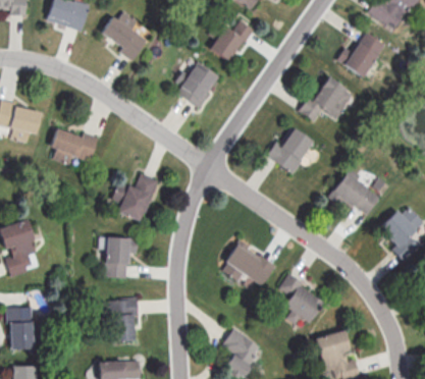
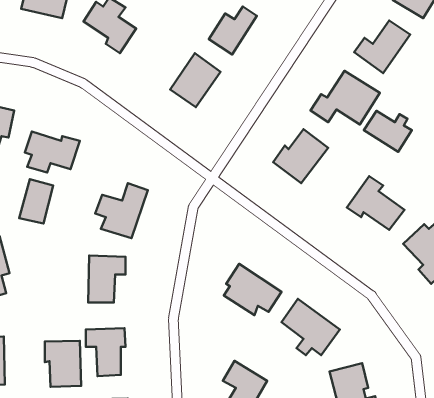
building: none -> [364,111,412,152]
building: none -> [19,179,53,224]
building: none -> [45,341,81,387]

